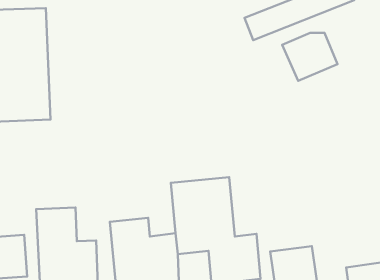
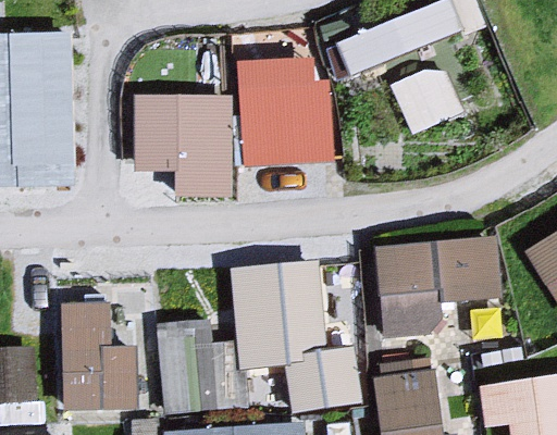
building: none -> [235,55,338,163]
building: none -> [133,92,232,196]
building: none -> [371,235,502,338]

